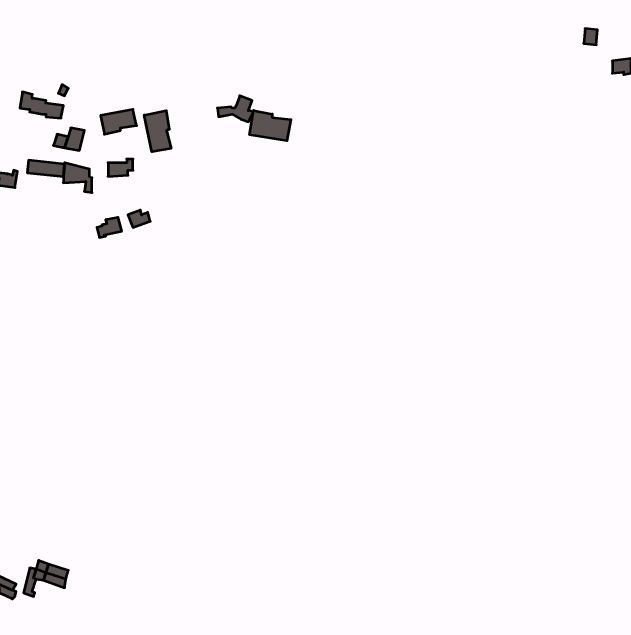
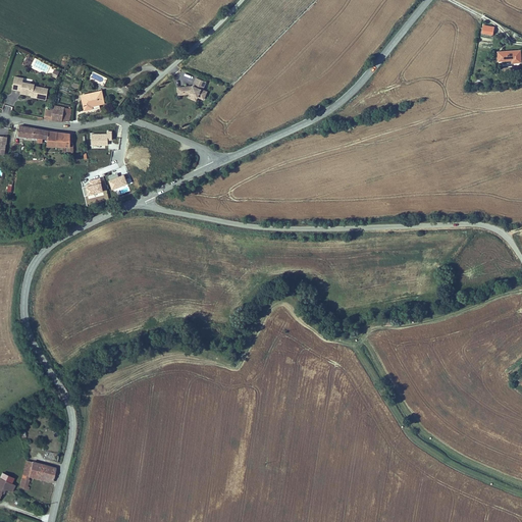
building: [250,110,291,141] -> none
building: [144,111,171,152] -> none

